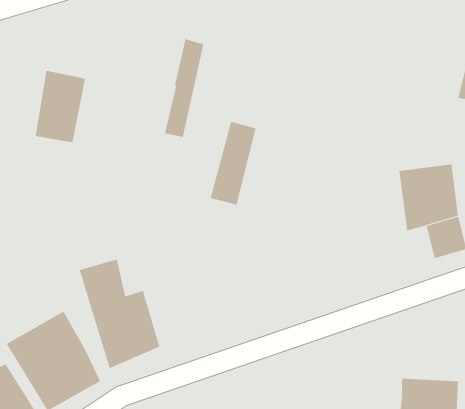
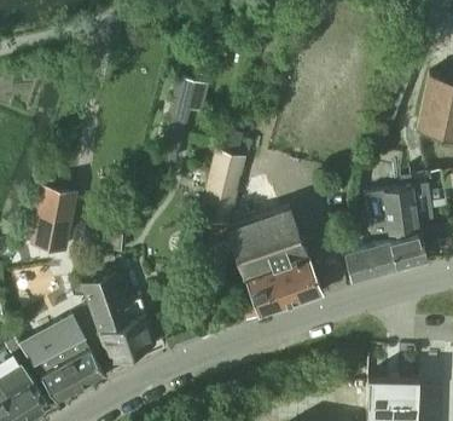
building: [35,70,86,143] -> [31,185,76,249]
building: none -> [228,207,321,321]
building: none -> [344,242,396,283]

